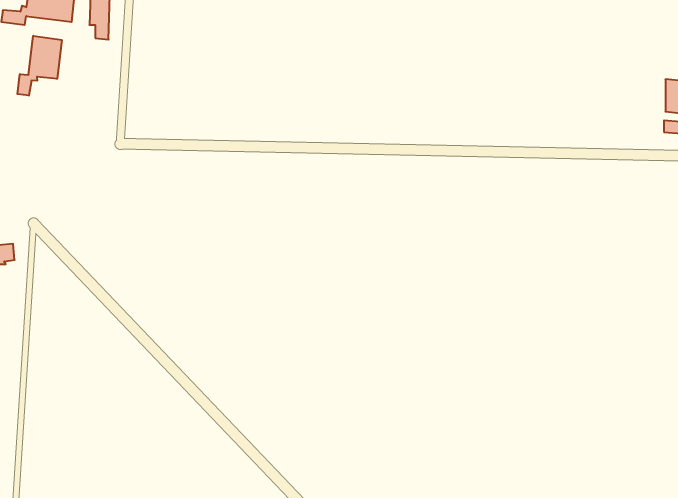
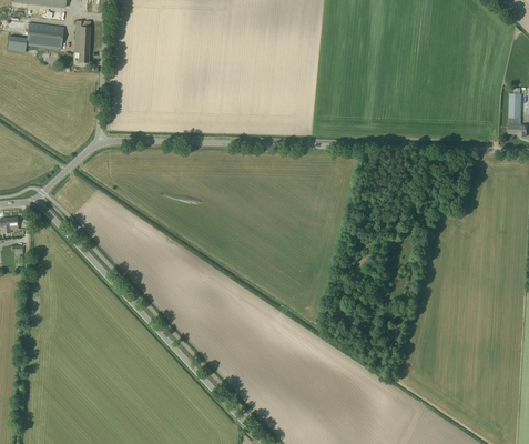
building: [17,36,62,96] -> none

